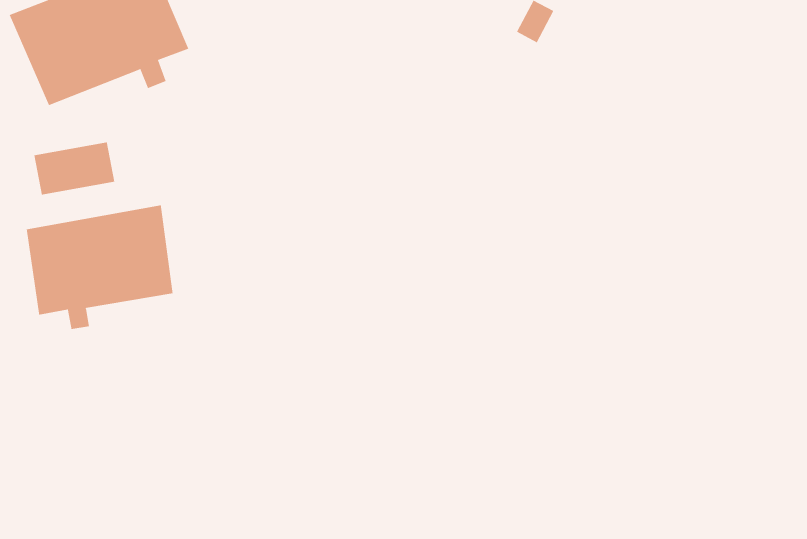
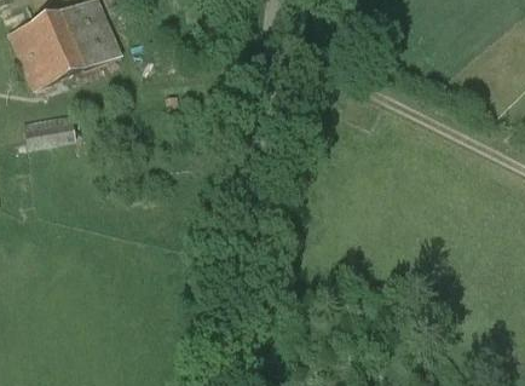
building: [26,205,173,330] -> none

